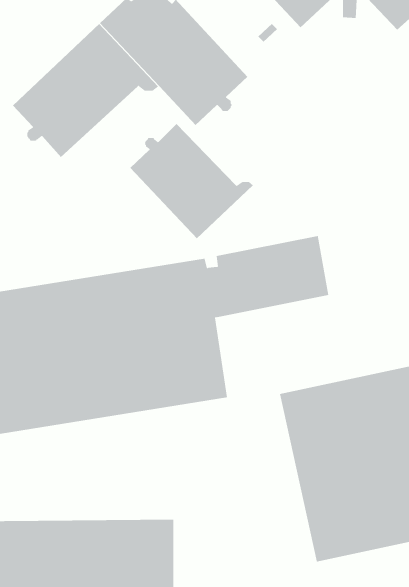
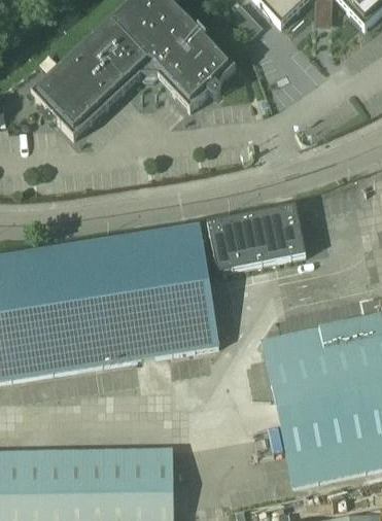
building: [130,123,254,239] -> none

